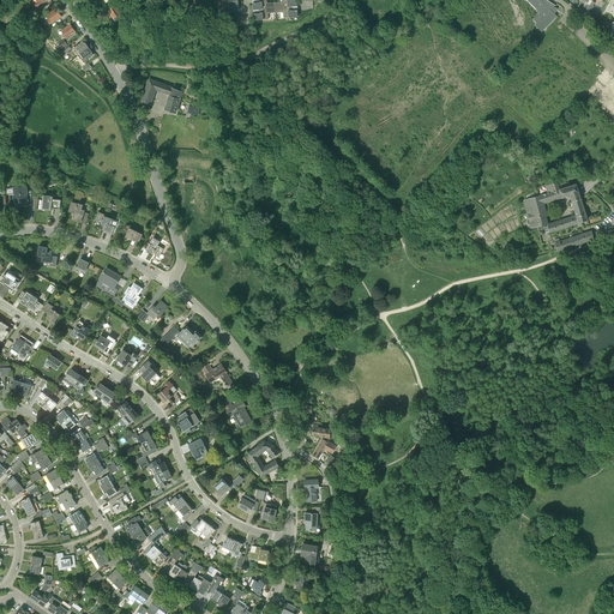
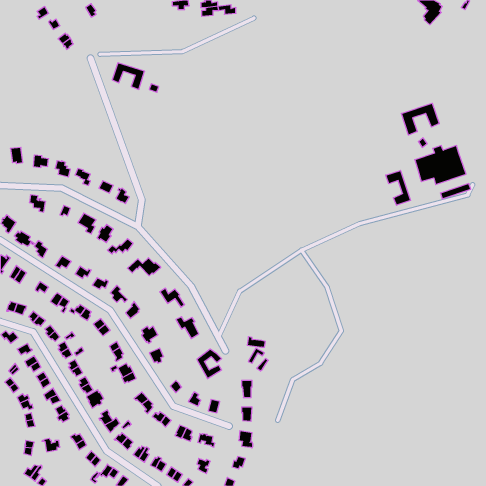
building: none -> [401,103,439,135]
building: none -> [386,170,410,205]

